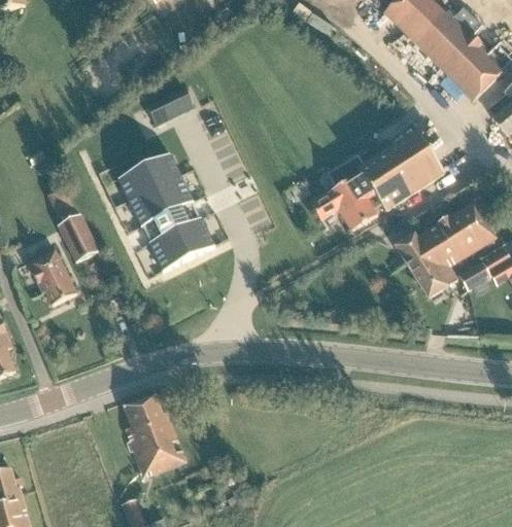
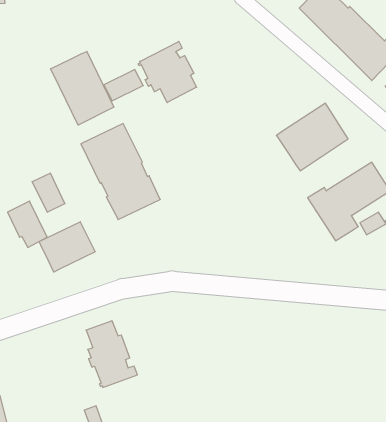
building: none -> [138,41,197,103]
building: none -> [51,51,114,125]
building: [312,154,380,231] -> none
building: none -> [39,222,95,272]

